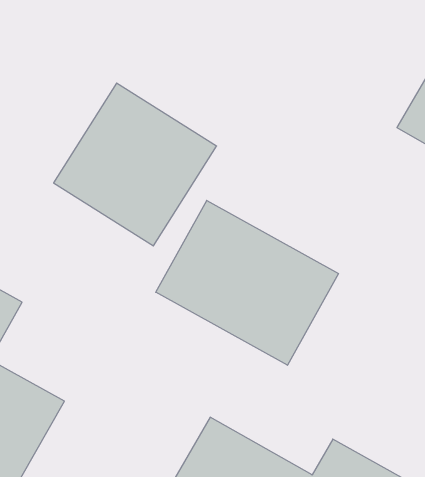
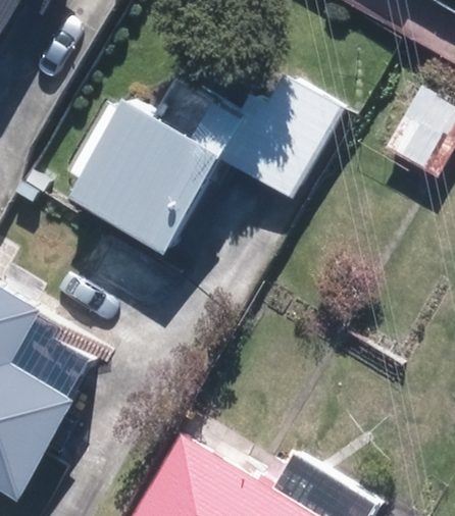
building: none -> [214,75,338,199]
building: [156,200,338,365] -> none

